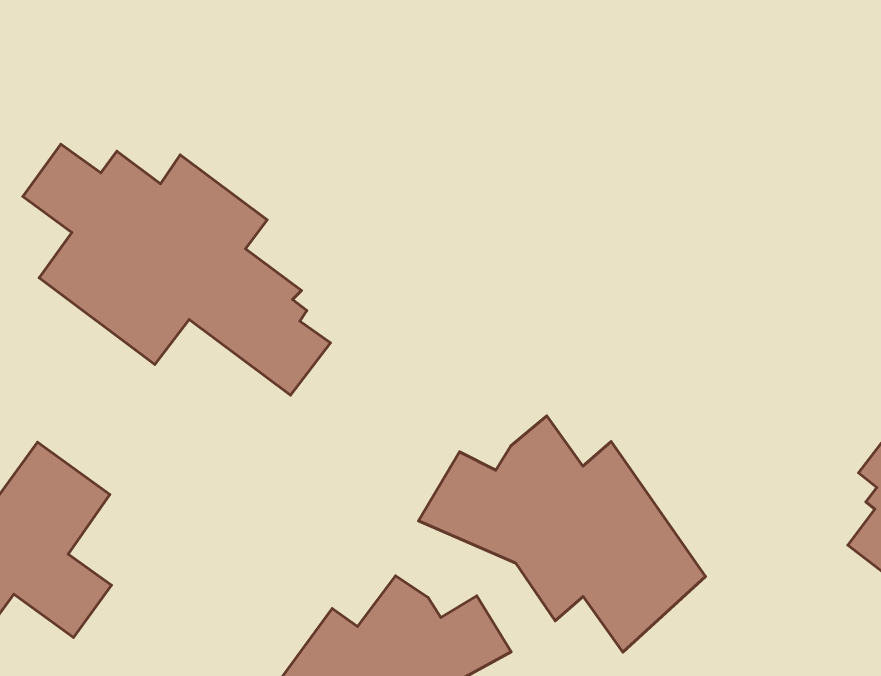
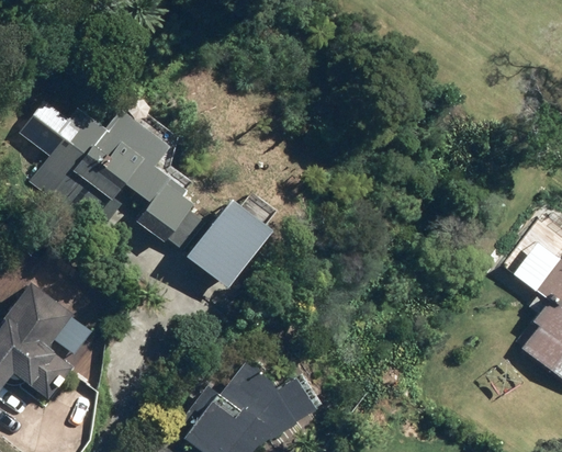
building: none -> [188,201,273,290]
building: [419,416,705,652] -> none

